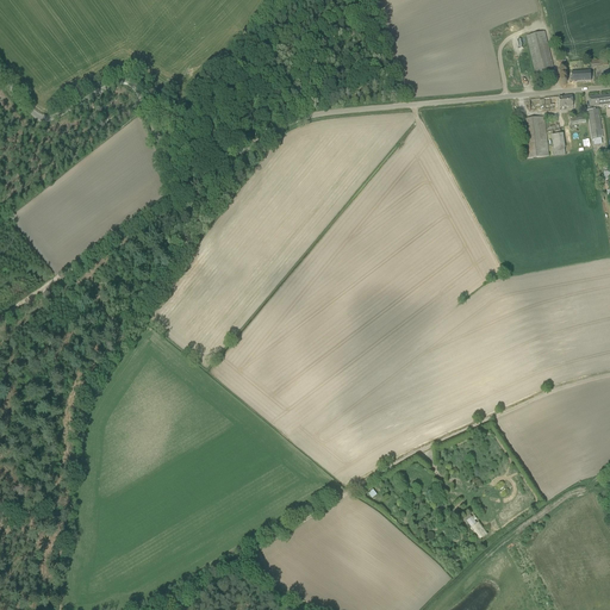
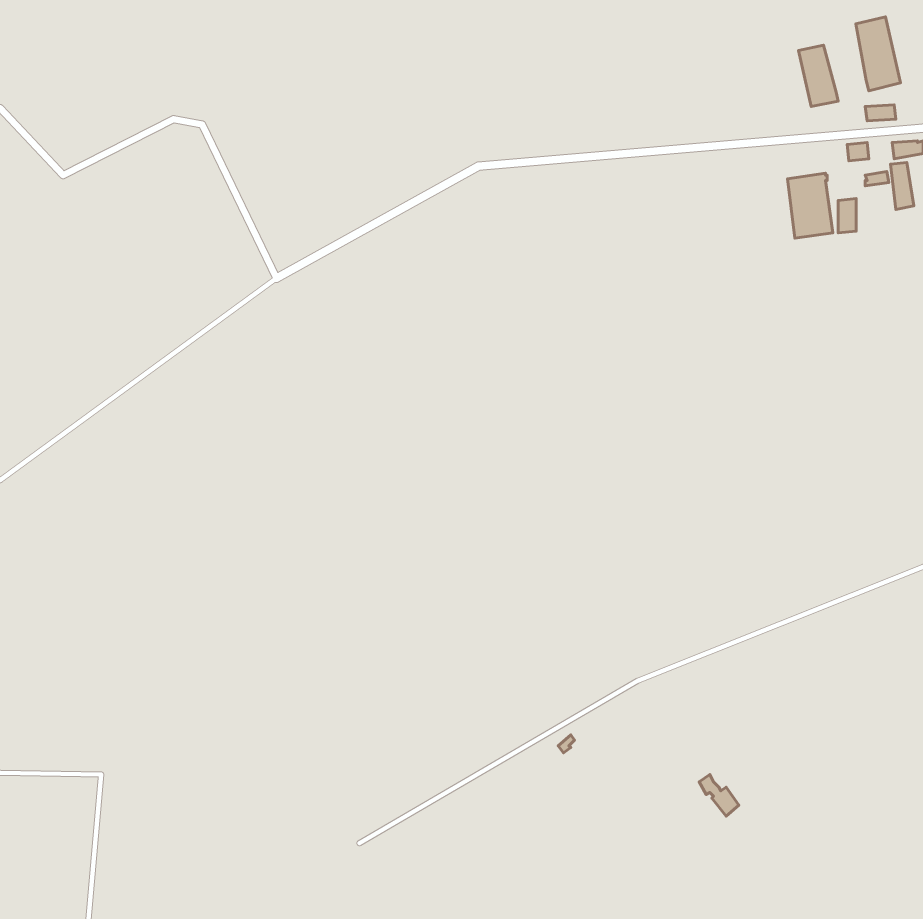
building: none -> [856,17,901,91]

